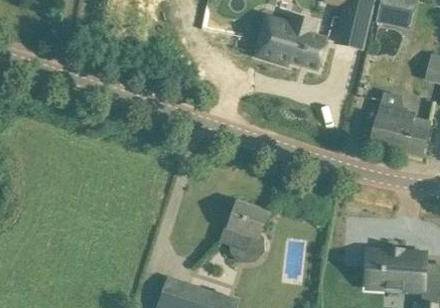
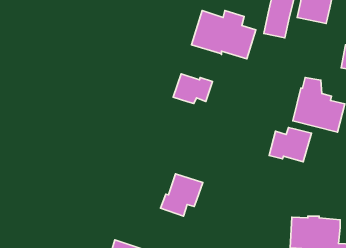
building: none -> [173,74,213,104]
building: none -> [269,127,311,162]

